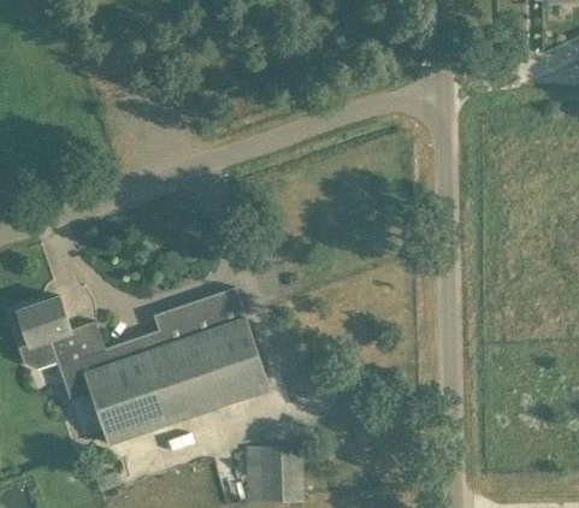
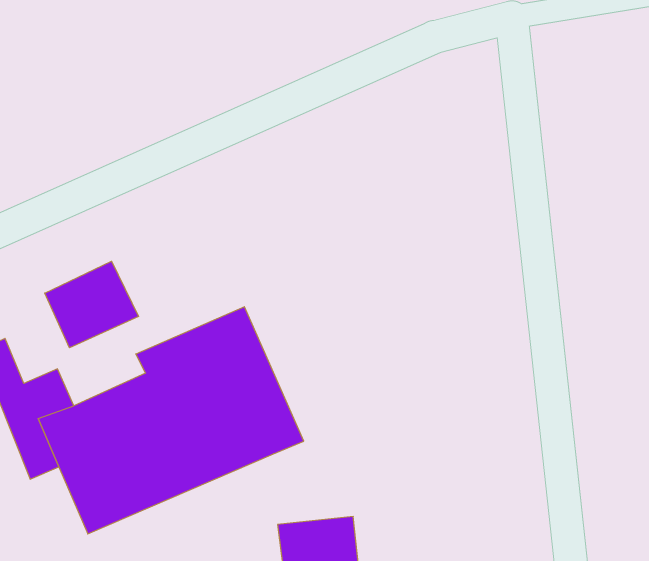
building: none -> [45,261,139,348]

